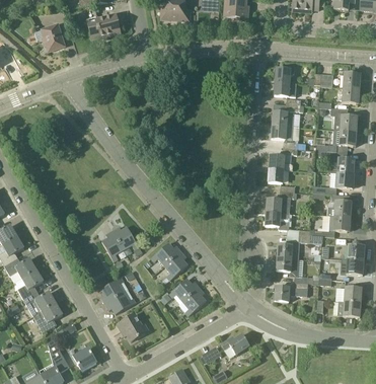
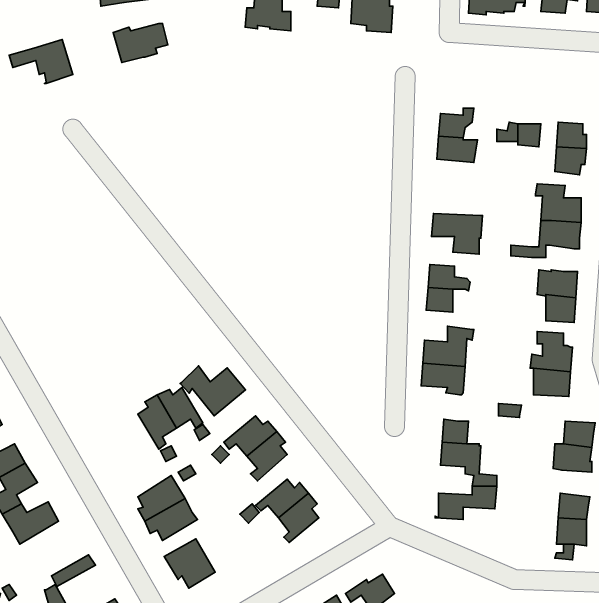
building: [272,110,300,126] -> none
building: none -> [180,366,246,416]
building: [33,302,63,331] -> none

